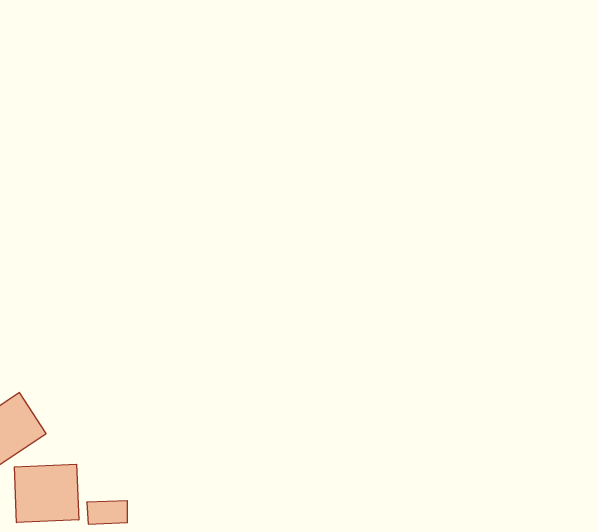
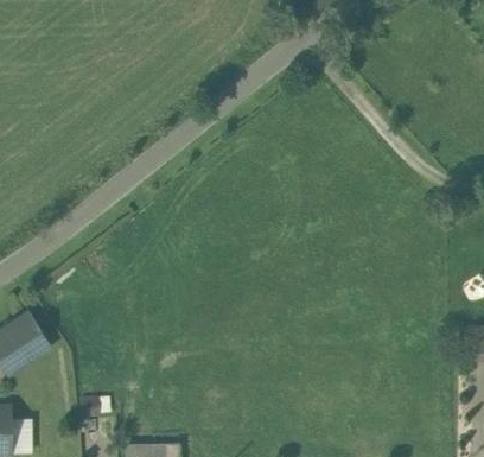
building: [14,464,79,523] -> none

